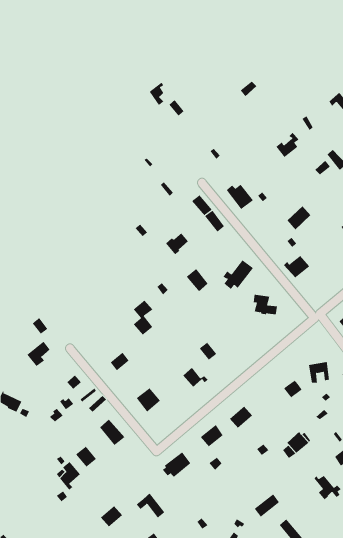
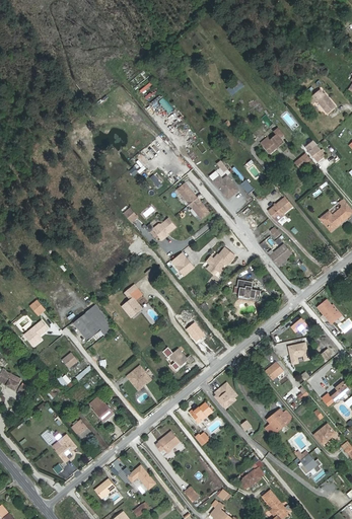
building: none -> [70,302,114,340]

